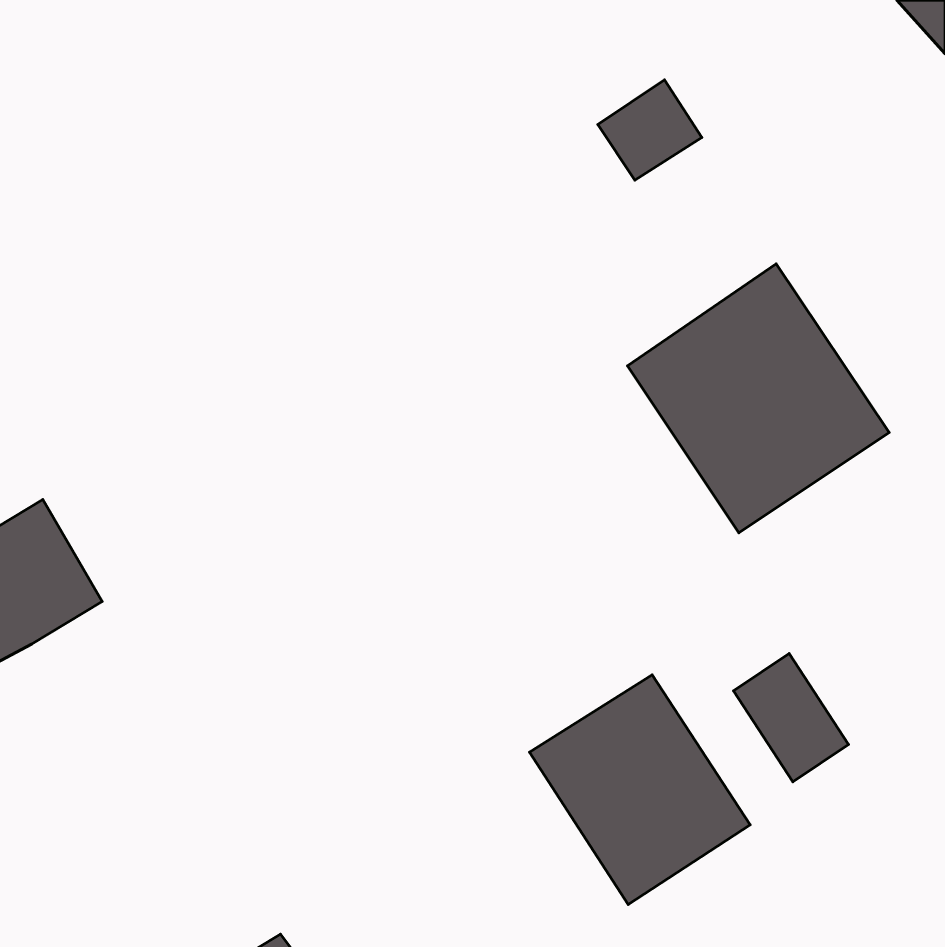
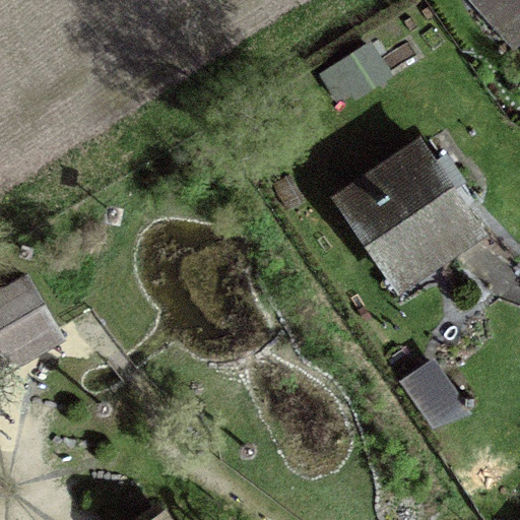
building: [529,675,750,904] -> none

